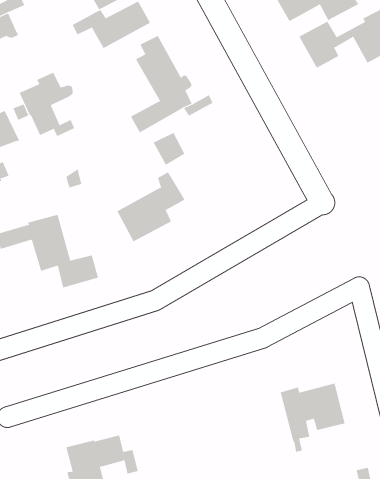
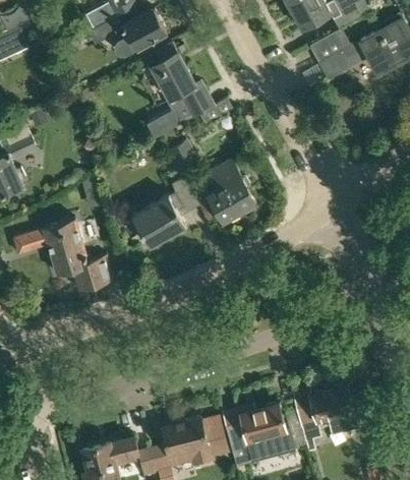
building: [19,72,75,137] -> none
building: none -> [195,162,256,223]
building: none -> [223,405,293,468]
building: none -> [149,417,227,472]

